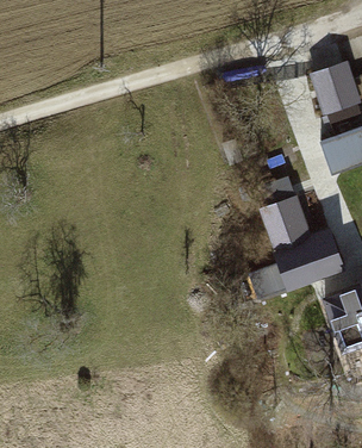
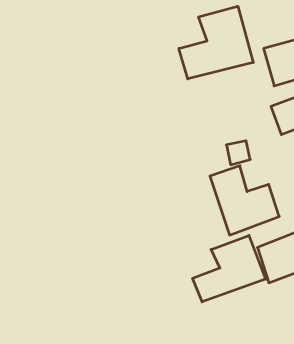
building: none -> [179,6,253,79]
building: none -> [193,235,266,302]

